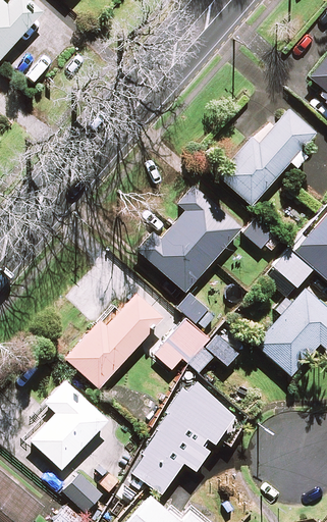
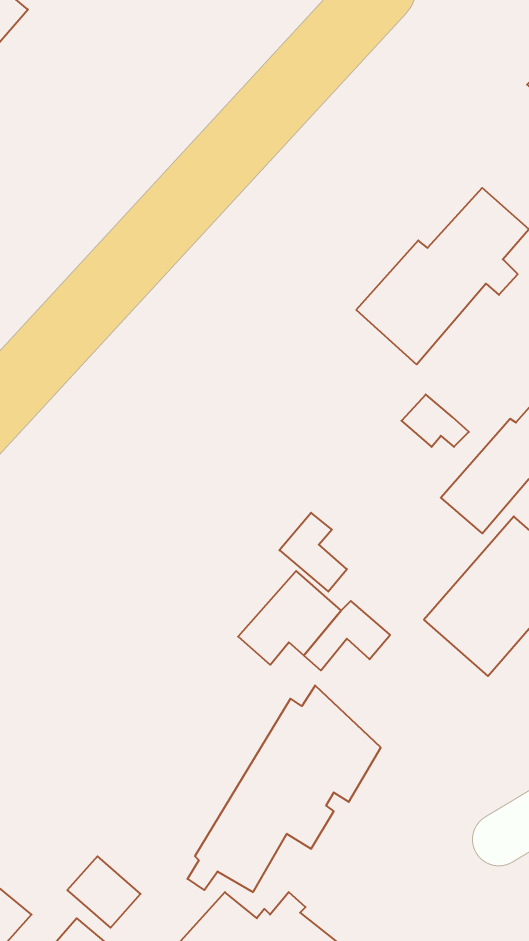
building: [145,187,241,292] -> none
building: [65,292,162,387] -> none
building: [31,380,107,487] -> none

